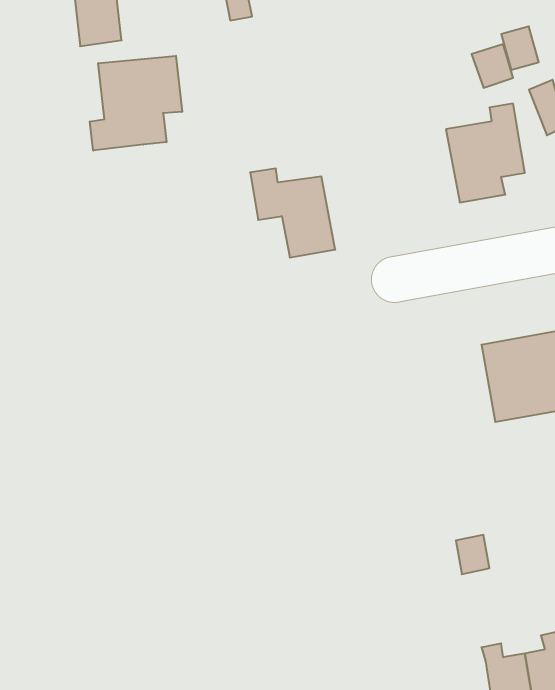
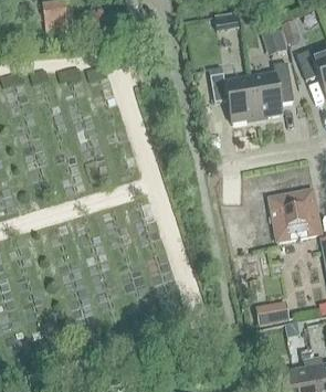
building: [90,56,182,151] -> none
building: [250,169,335,258] -> [210,72,257,121]

